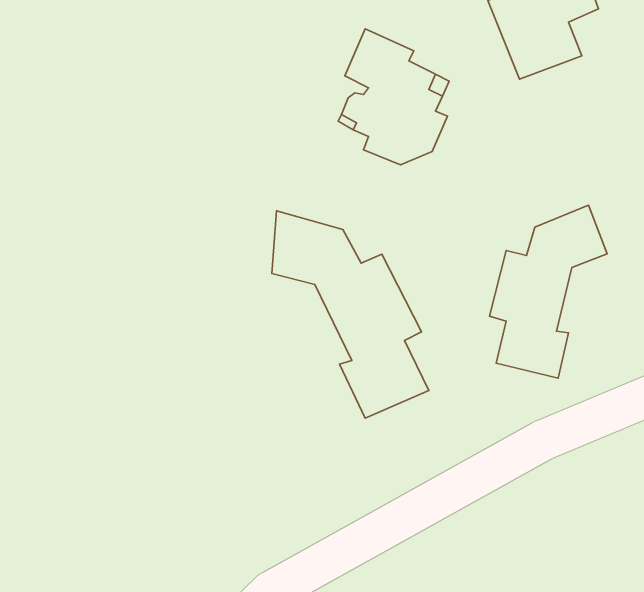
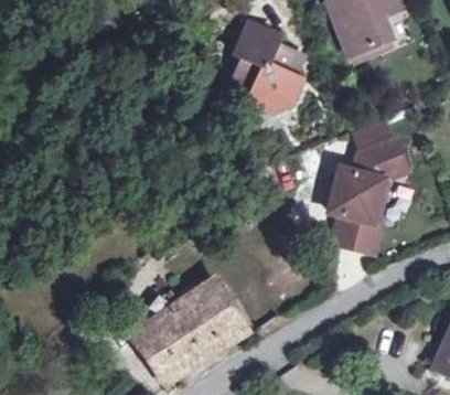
building: [272,211,429,418] -> none
building: none -> [131,281,244,383]

